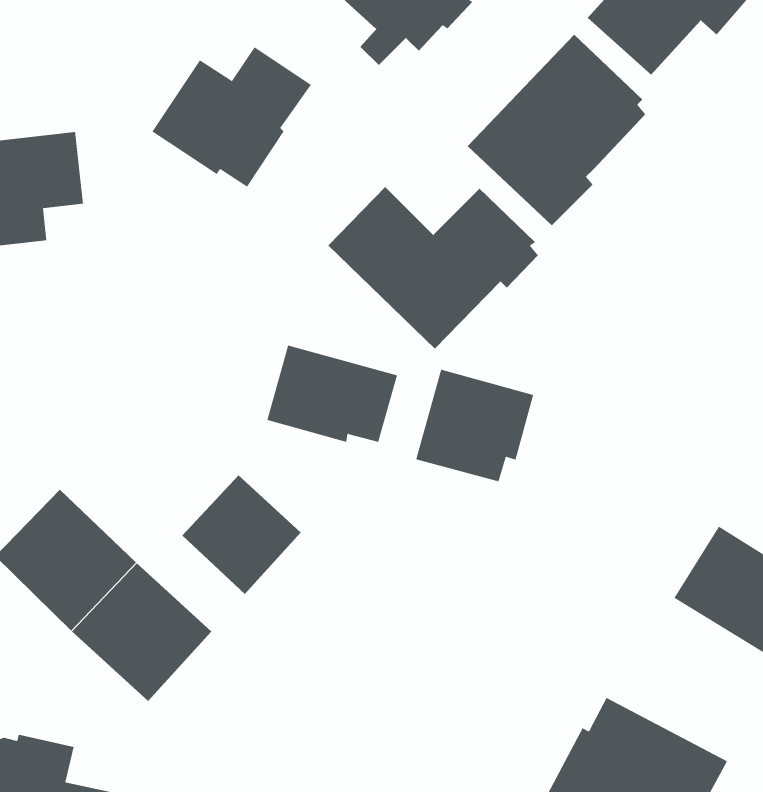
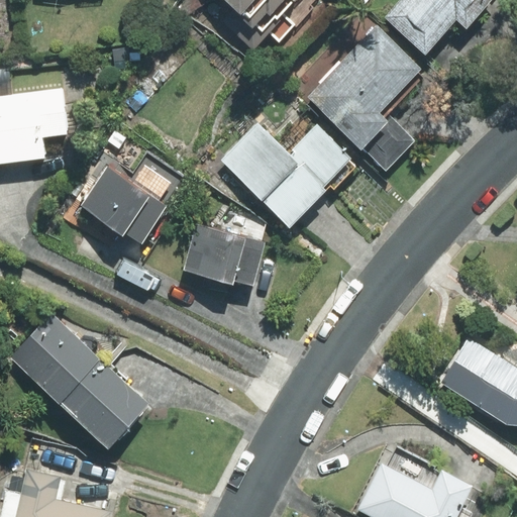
building: [152,47,312,188] -> [82,152,183,241]
building: none -> [361,113,416,172]
building: [416,369,534,482] -> none
building: [181,475,302,595] -> none

